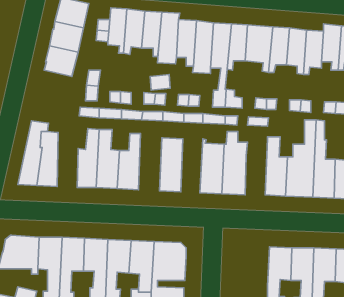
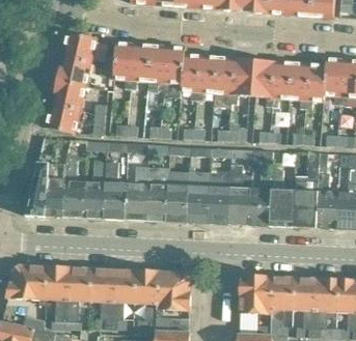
building: none -> [46,104,79,135]
building: none -> [64,157,85,219]
building: none -> [144,166,169,222]
building: none -> [186,166,208,224]
building: none -> [249,171,271,226]
building: none -> [239,276,273,315]

